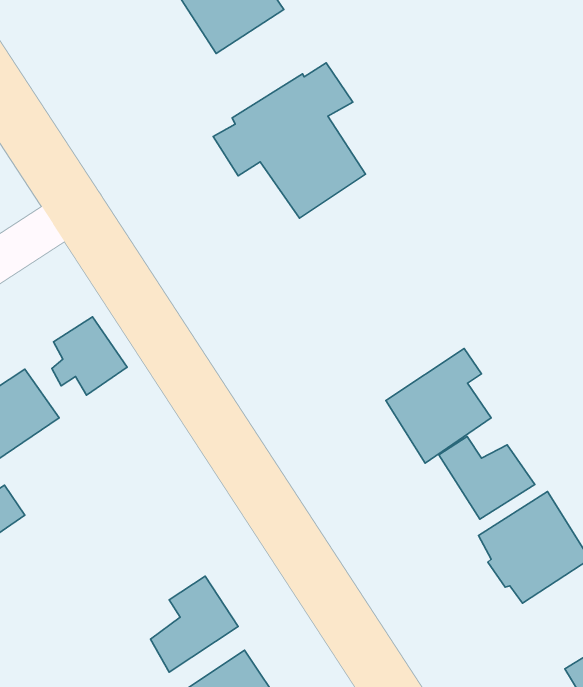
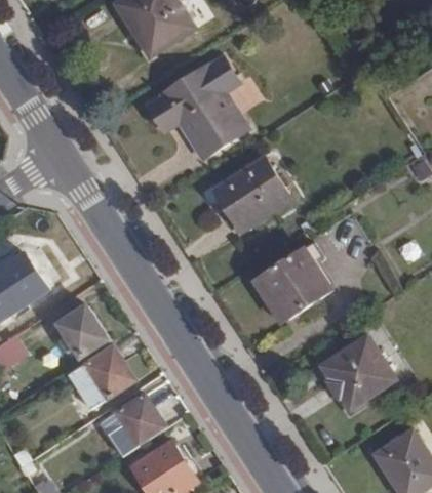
building: none -> [215,157,292,227]
building: [52,317,127,395] -> [56,306,106,358]
building: [439,436,535,519] -> none
building: none -> [65,345,133,411]

